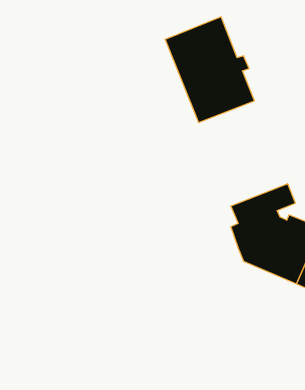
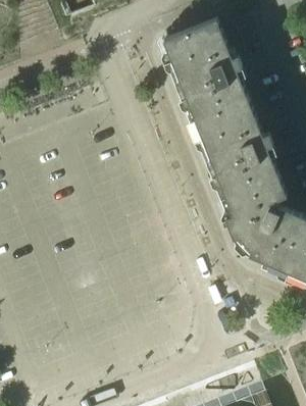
building: none -> [194,99,278,199]

